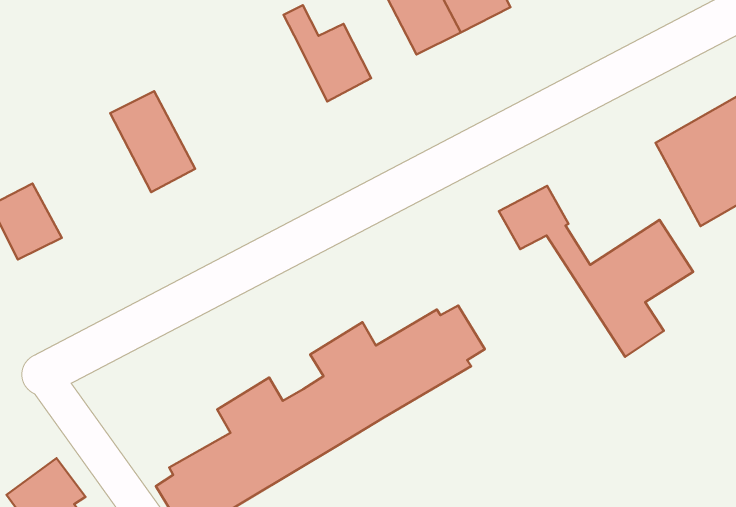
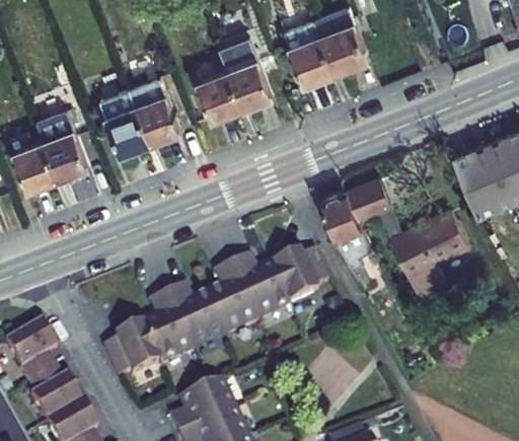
building: none -> [199,68,243,118]
building: none -> [131,75,181,141]
building: none -> [38,108,89,176]
building: none -> [321,191,373,268]

